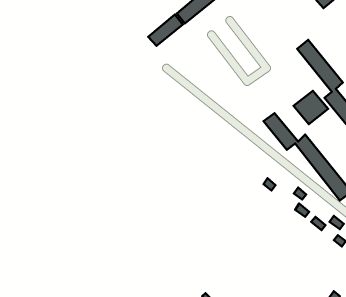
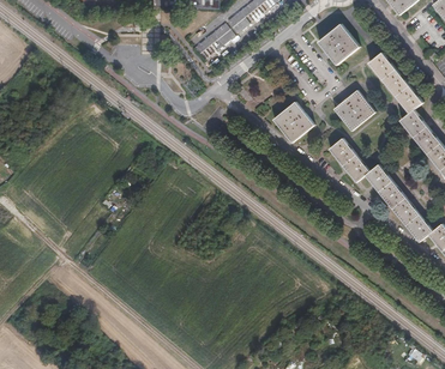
building: none -> [318,23,359,63]
building: none -> [273,101,314,141]
building: [294,91,328,124] -> [333,90,374,129]

